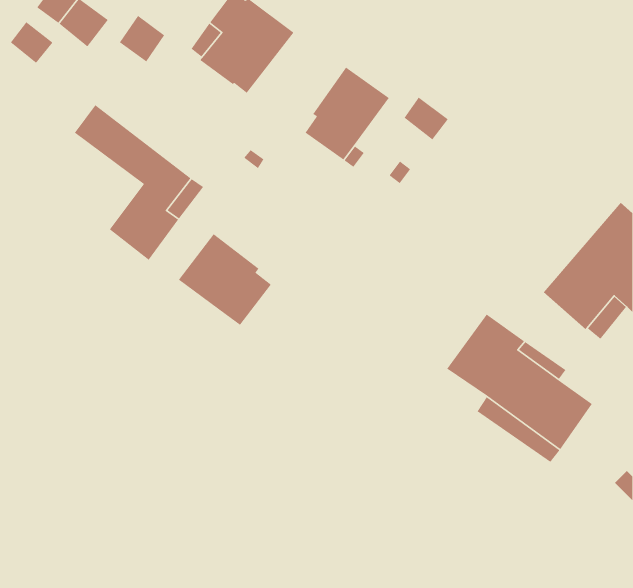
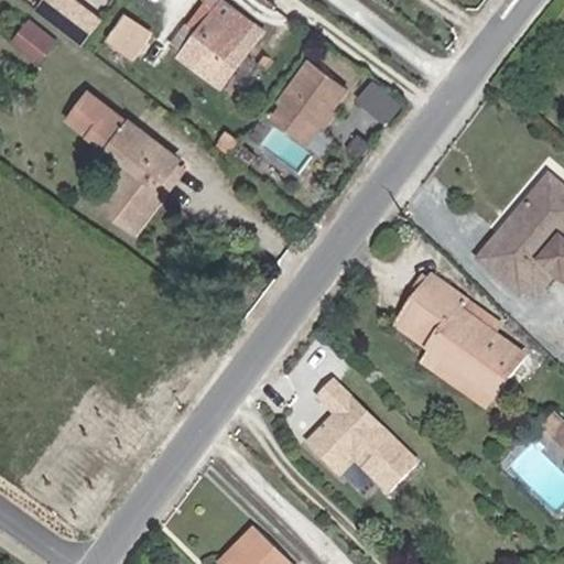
building: [178,233,272,326] -> none
building: none -> [305,382,415,492]

